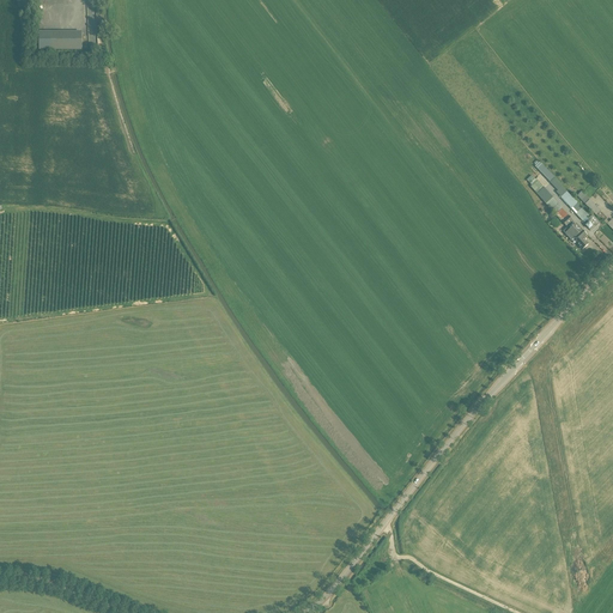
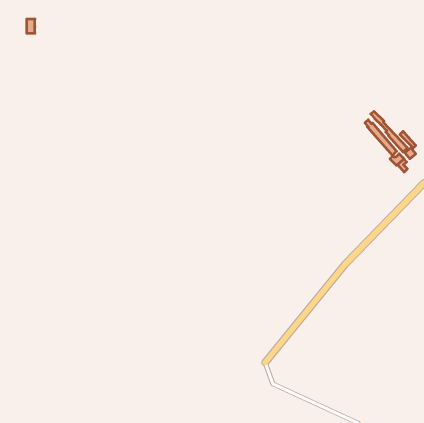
building: [50,28,80,48] -> none

